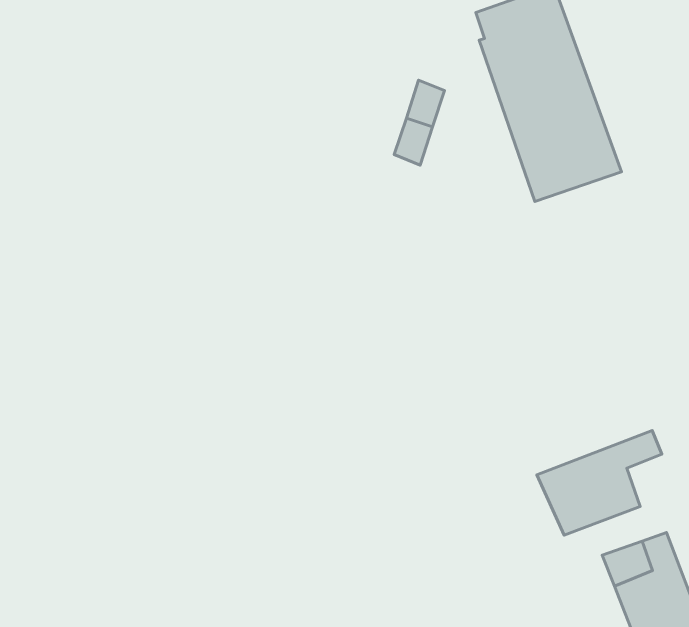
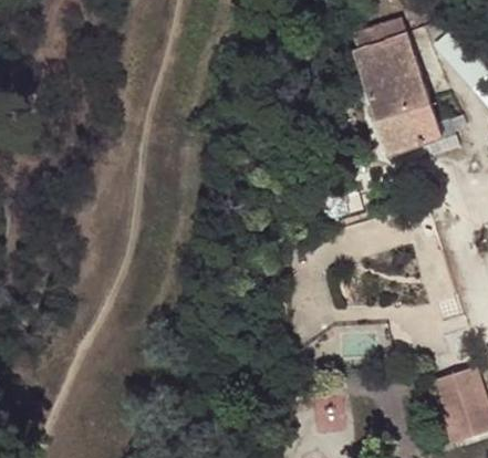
building: [537,431,662,535] -> none

